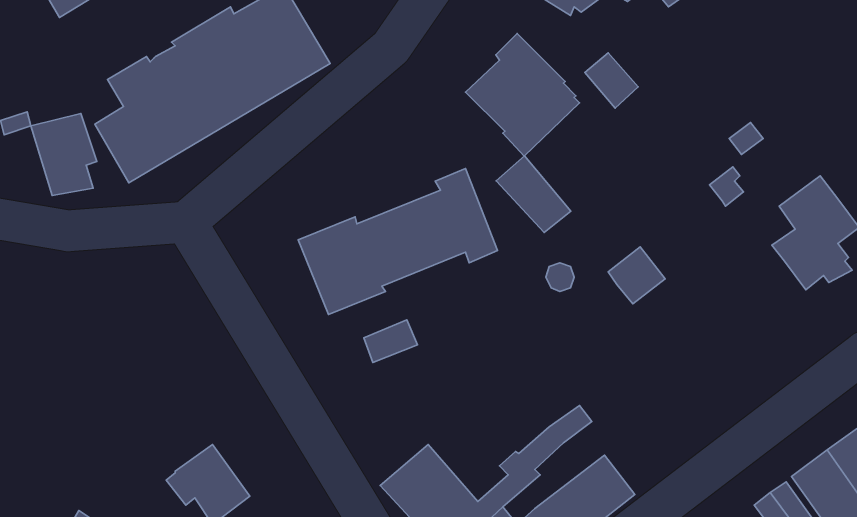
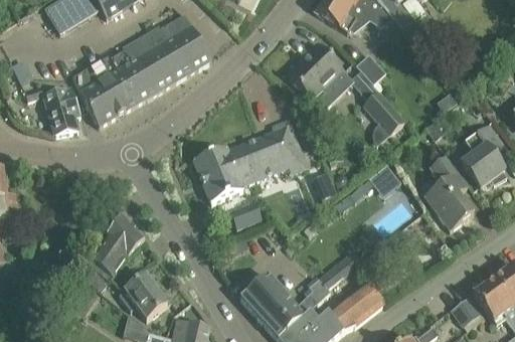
building: [496,156,571,232] -> [362,91,404,134]
building: none -> [423,154,473,230]
building: none -> [82,215,144,290]

